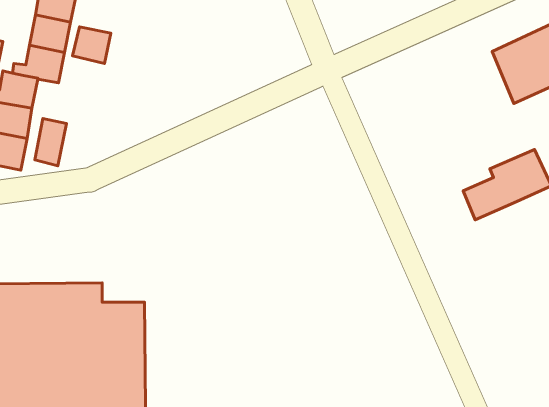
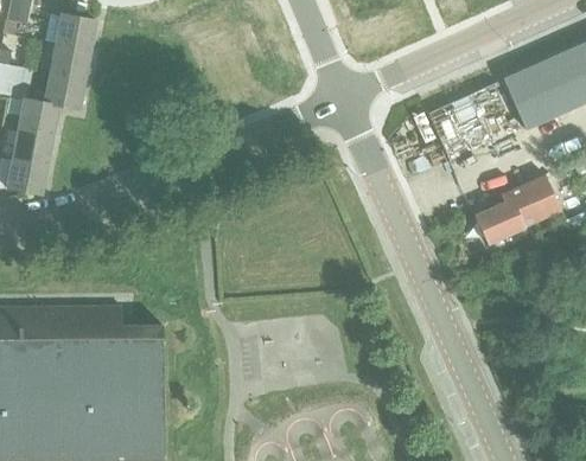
building: [73,27,111,64] -> none
building: [35,119,66,166] -> none

